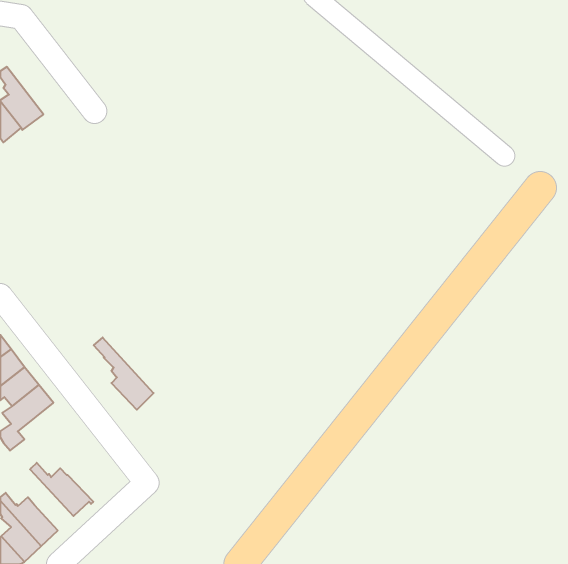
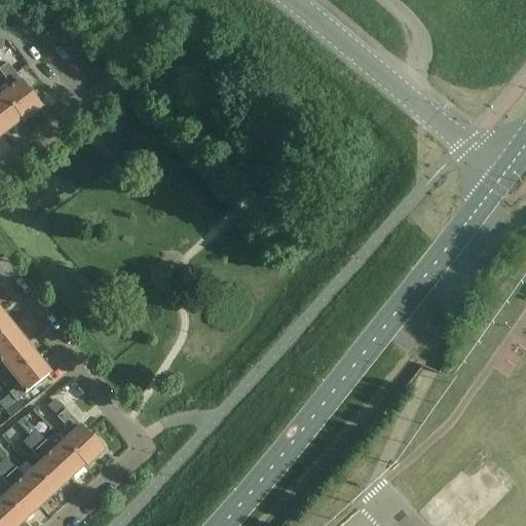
building: [94,337,154,410] -> [46,397,102,463]
building: none -> [22,434,68,490]

